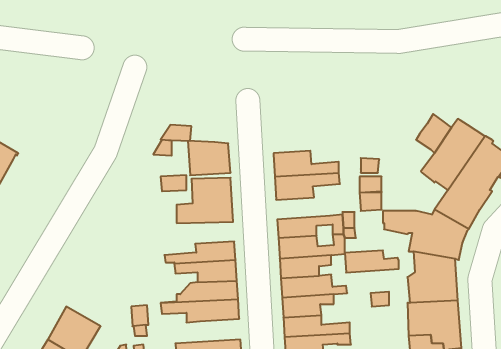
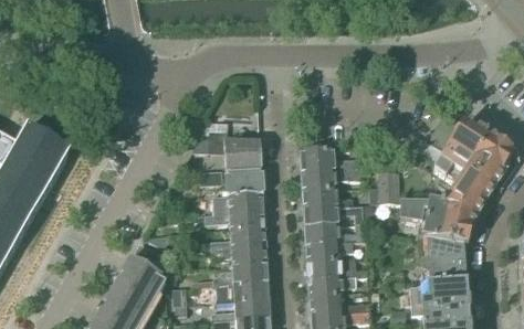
building: none -> [205,212,265,232]
building: [345,250,399,273] -> [303,190,352,210]
building: none -> [114,242,161,306]
building: none -> [211,299,271,321]

